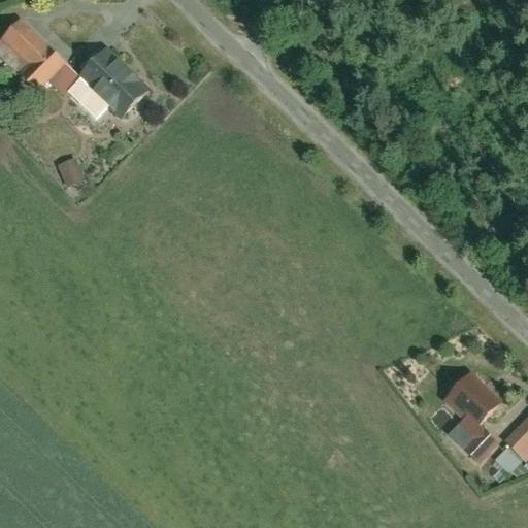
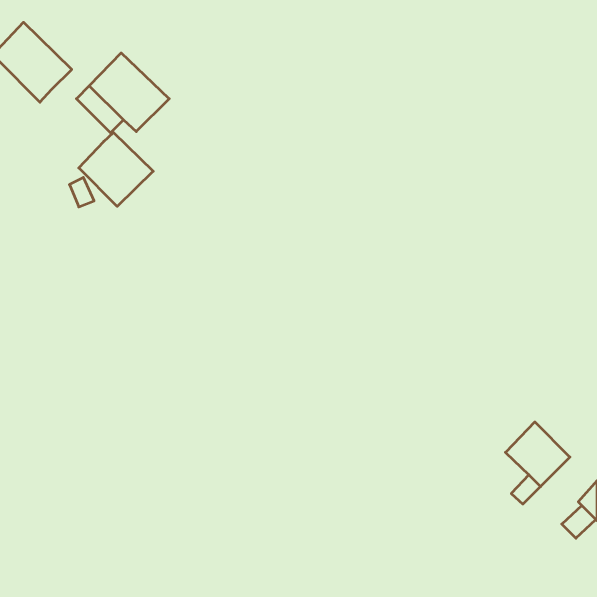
building: [45,61,78,93] -> none
building: none -> [79,133,153,206]
building: [465,428,499,462] -> none

